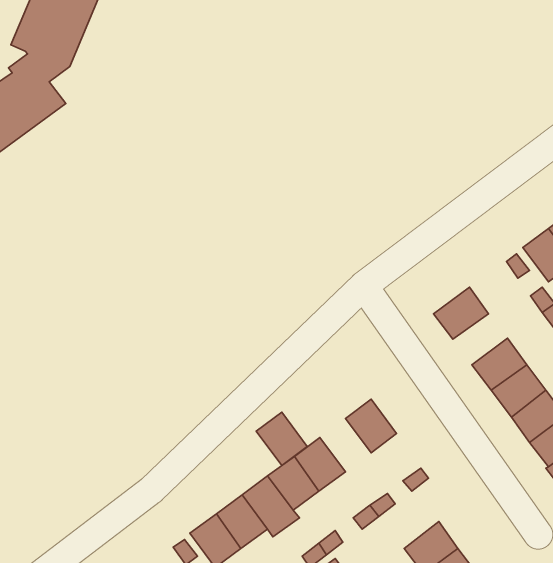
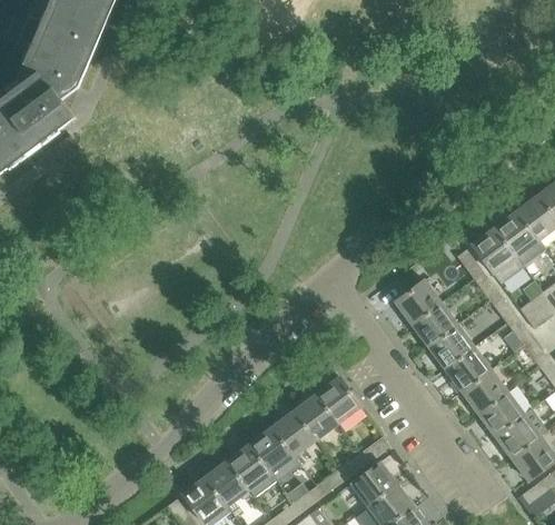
building: none -> [410,303,458,347]
building: [256,412,307,466] -> [295,394,339,440]
building: none -> [351,462,398,507]

